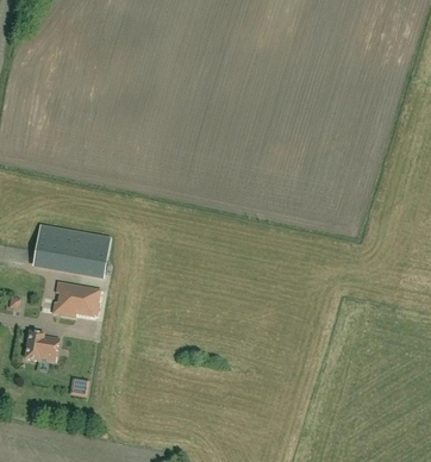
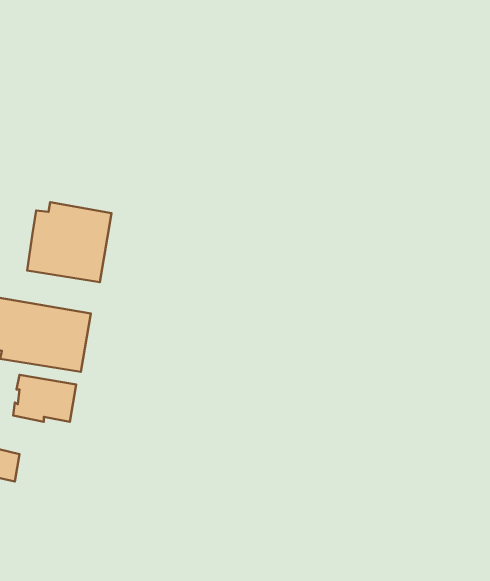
building: none -> [27,202,111,282]

